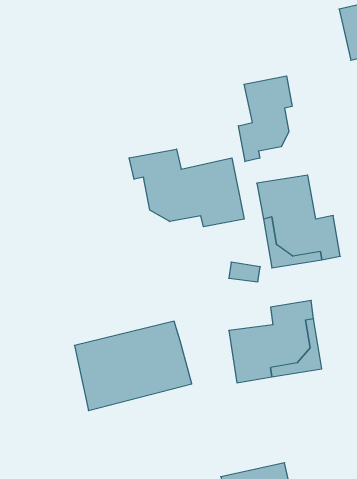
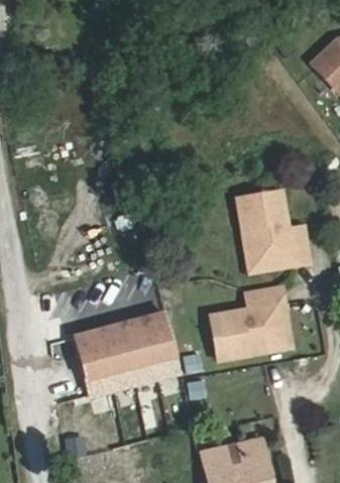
building: [238,76,292,162] -> none
building: [129,149,244,227] -> none

